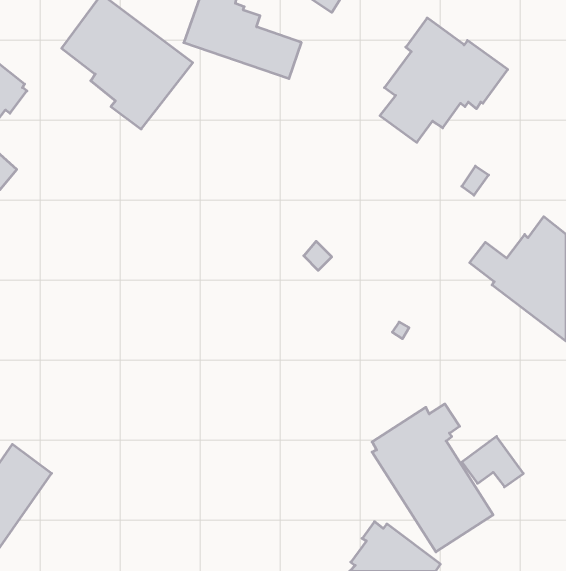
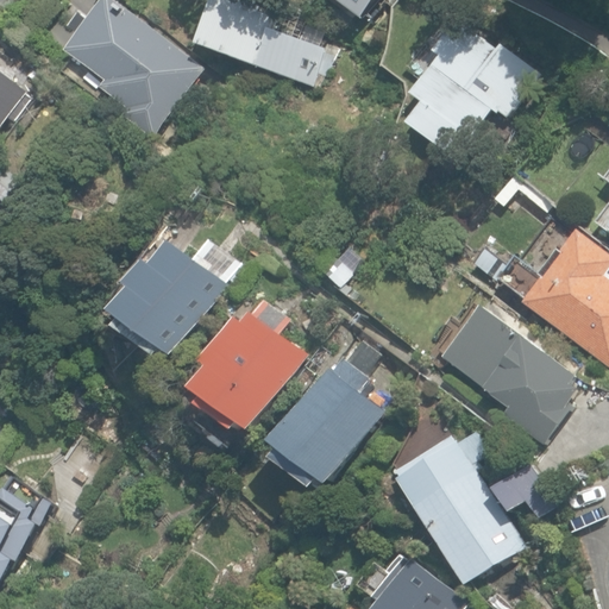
building: none -> [115,241,227,358]
building: none -> [193,300,307,431]
building: none -> [442,307,577,446]
building: none -> [270,357,382,488]

